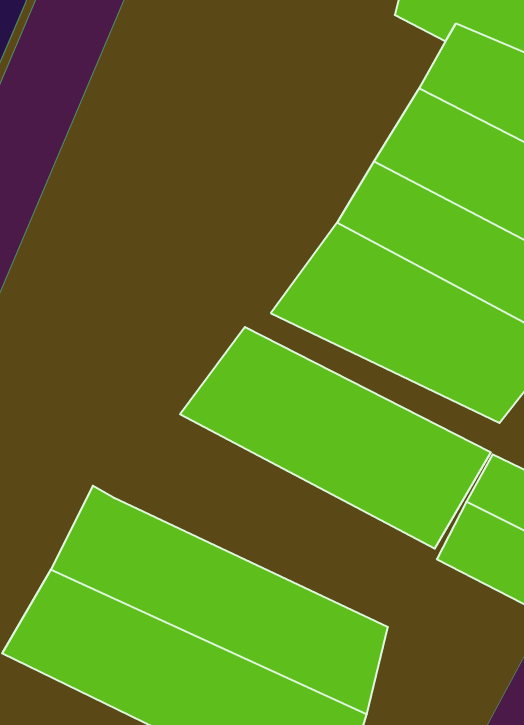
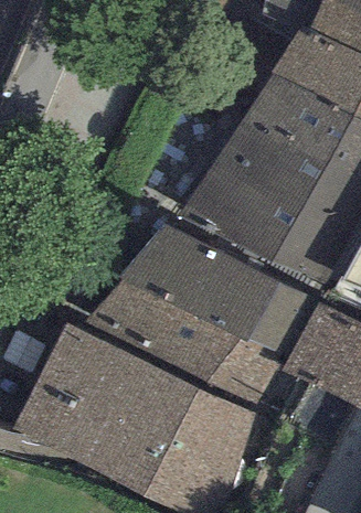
building: none -> [79,276,283,410]

